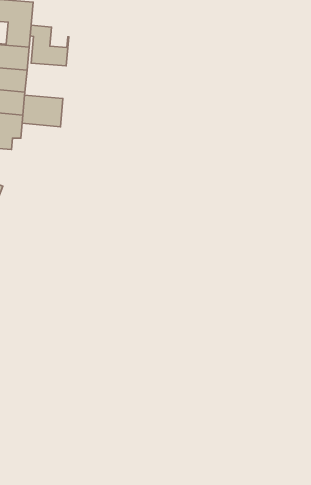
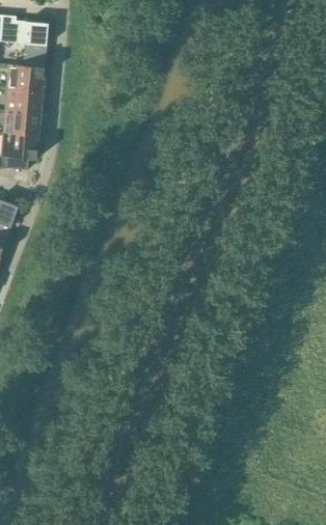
building: [30,25,69,66] -> none
building: [22,95,63,127] -> none

